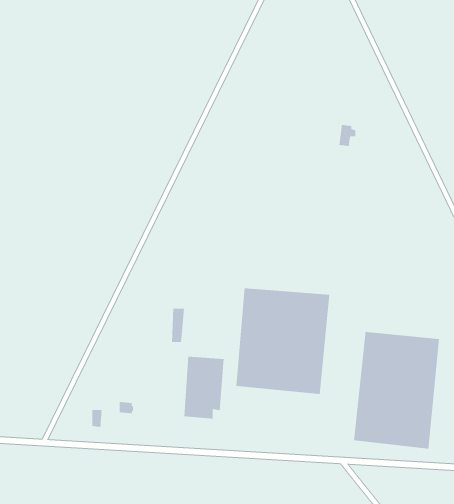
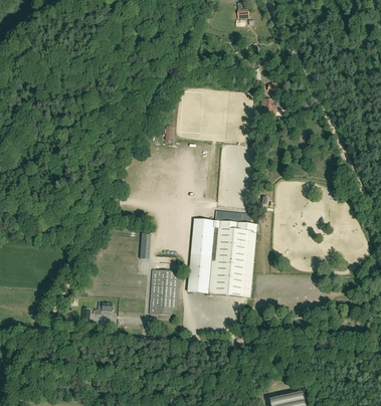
building: [353,331,440,450] -> none

